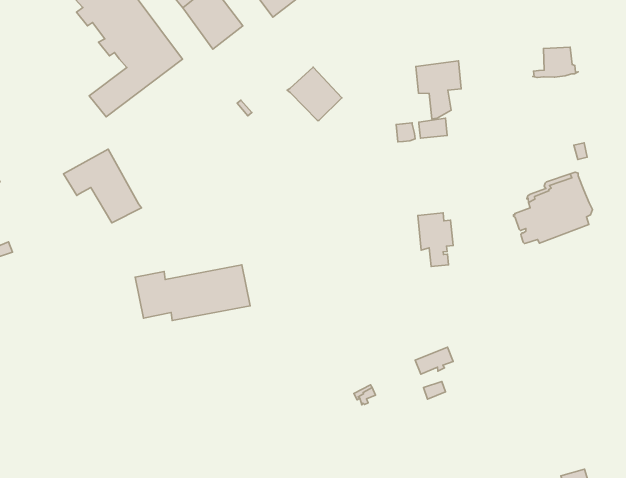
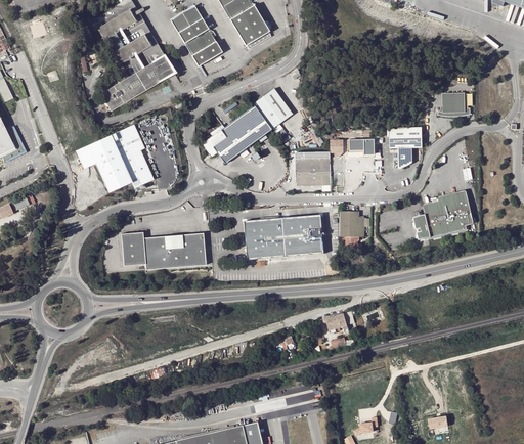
building: [416,61,461,119] -> [389,126,422,168]
building: none -> [206,105,271,163]
building: none -> [111,124,152,186]
building: none -> [296,157,332,184]
building: none -> [244,214,323,259]

